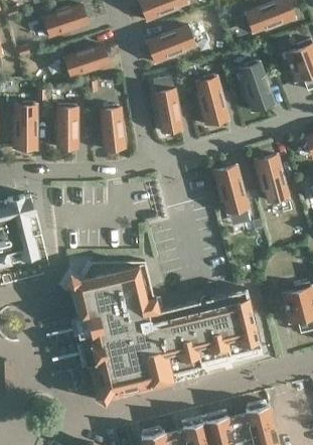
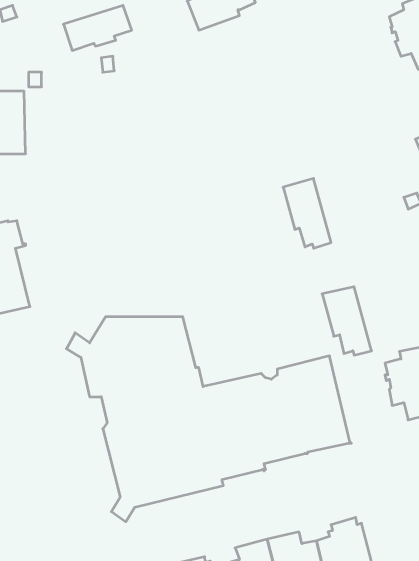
building: [241,60,272,112] -> none
building: [197,75,226,125] -> none
building: [154,87,181,133] -> none
building: [54,105,75,148] -> none
building: [101,106,125,150] -> none
building: [254,156,288,203] -> [322,287,372,355]

